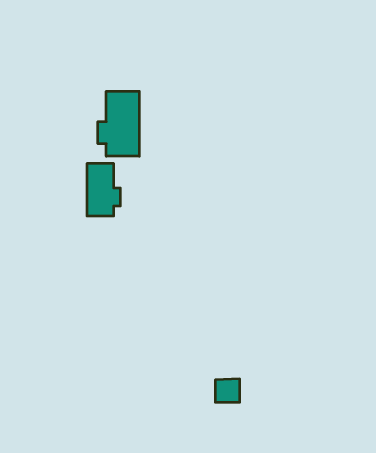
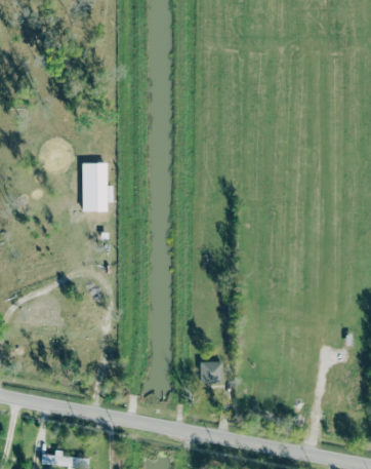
building: [98,91,139,156] -> none

